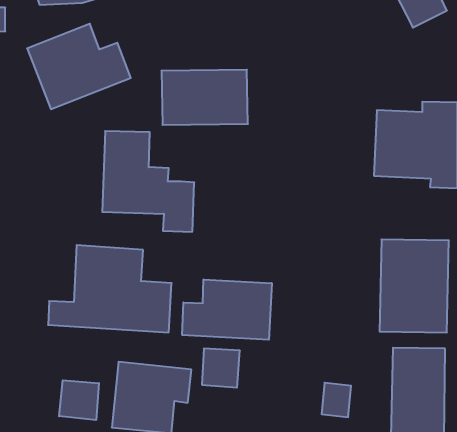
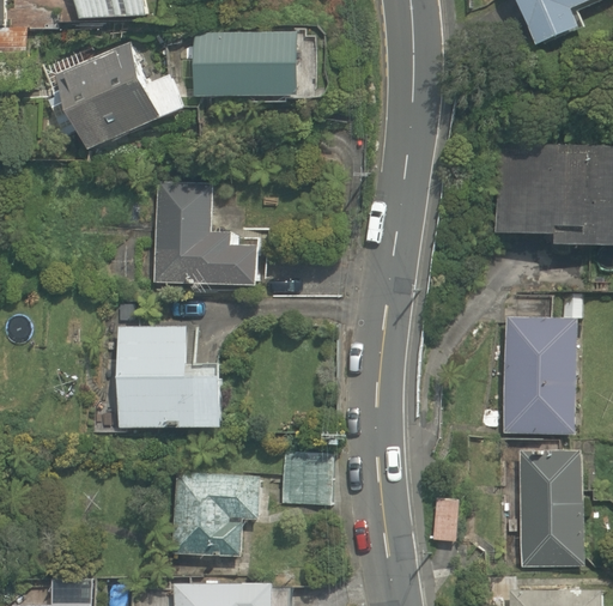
building: [161,70,248,125] -> [190,26,299,96]
building: [182,279,272,340] -> none
building: [59,380,99,420] -> none

